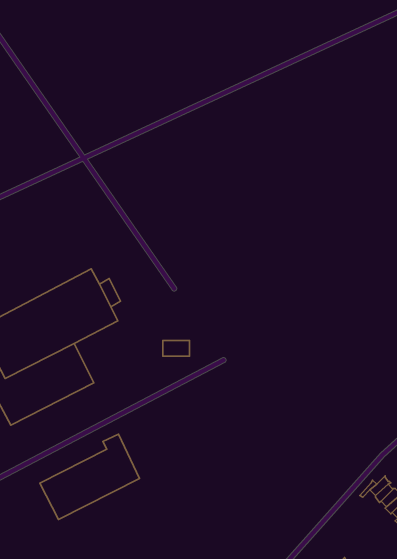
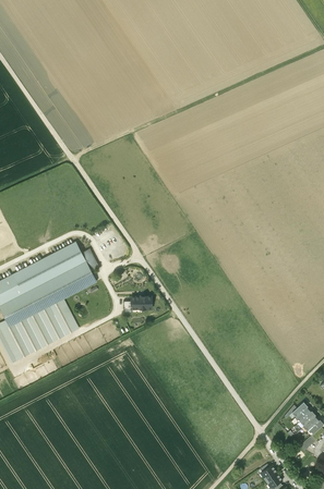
building: [40,434,139,520] -> none

